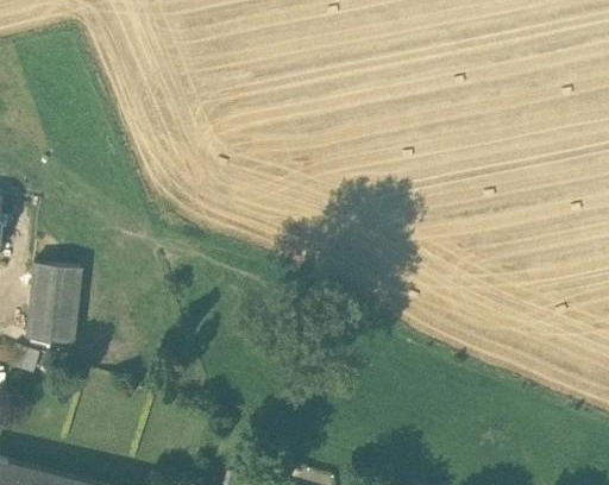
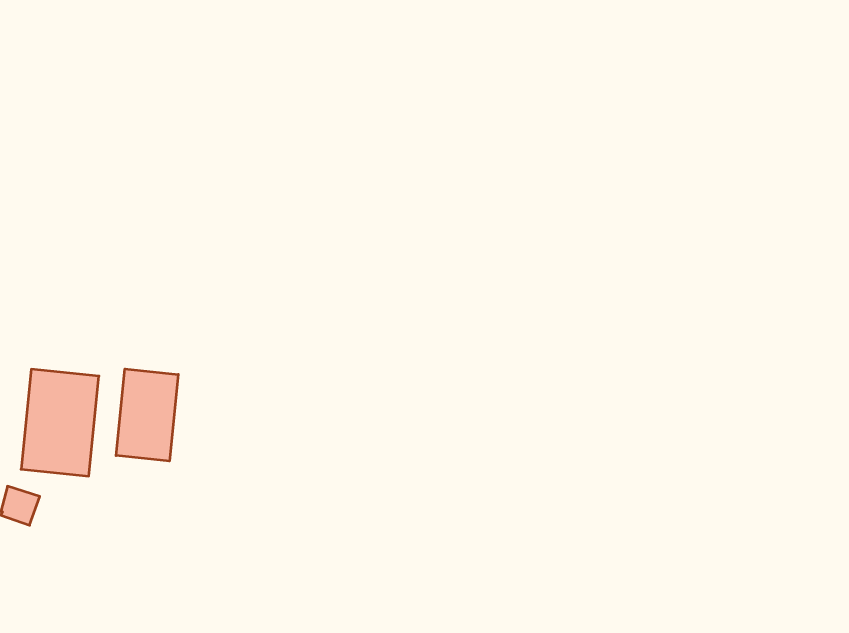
building: none -> [116,369,178,461]

